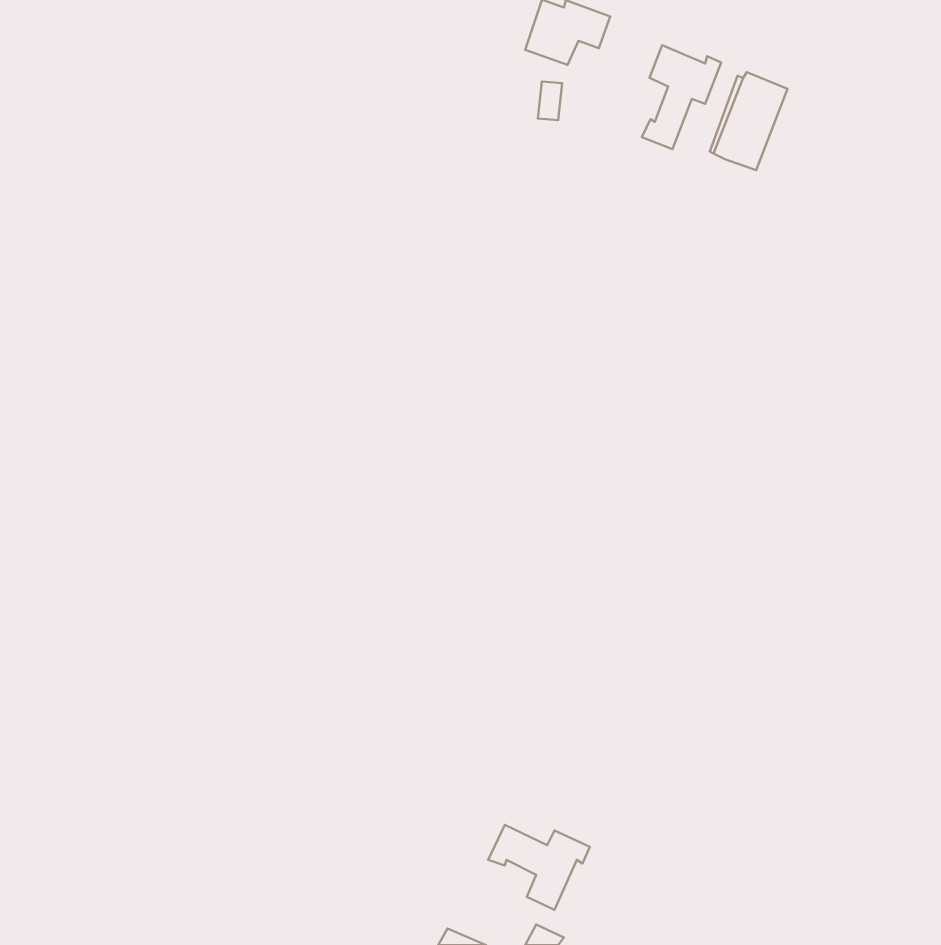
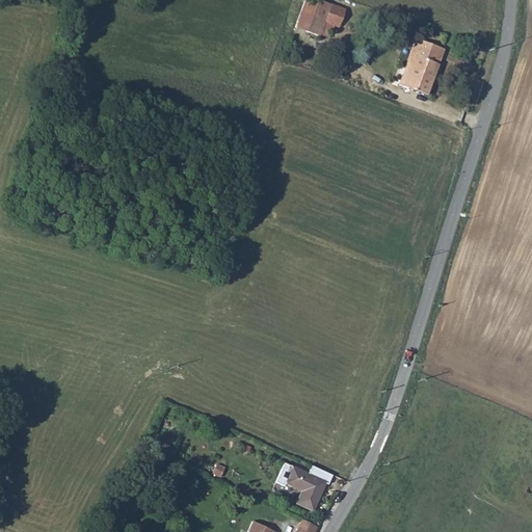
building: [642,45,721,149] -> none

